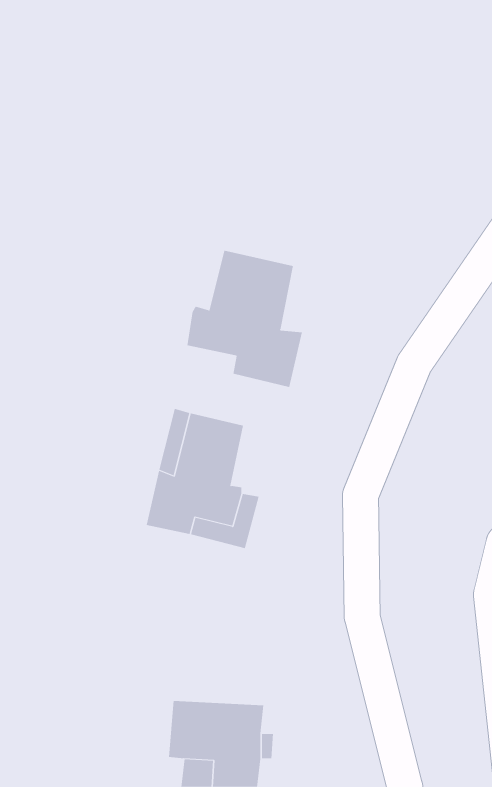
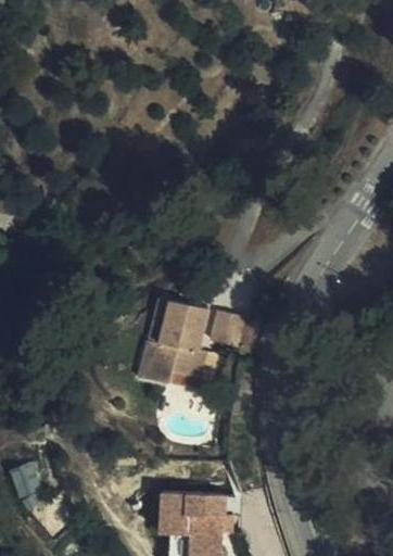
building: [187,250,302,388] -> none
building: none -> [213,308,248,346]

